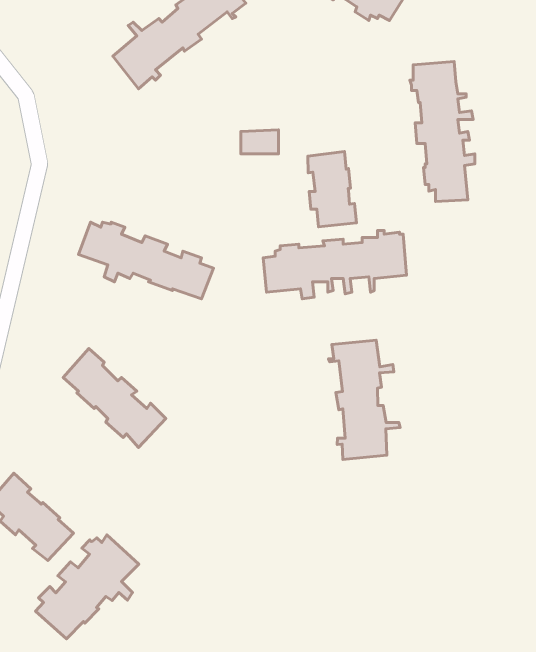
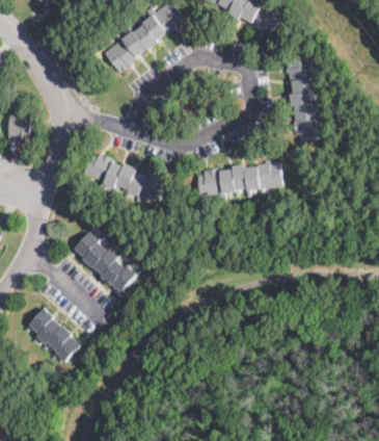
building: [308,151,356,227] -> none
building: [329,340,400,460] -> none
building: [36,535,139,639] -> none

